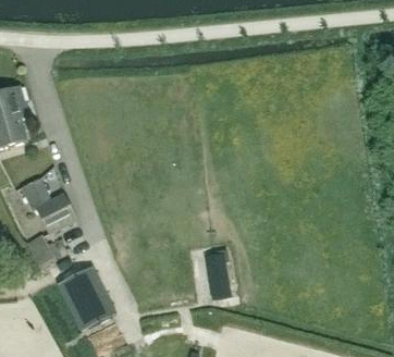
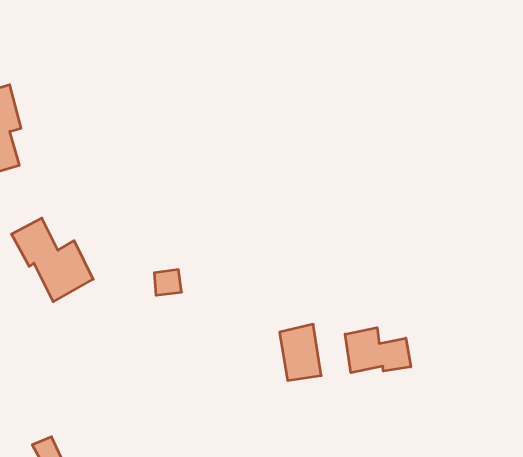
building: none -> [345,328,411,373]
building: [58,267,112,330] -> none

